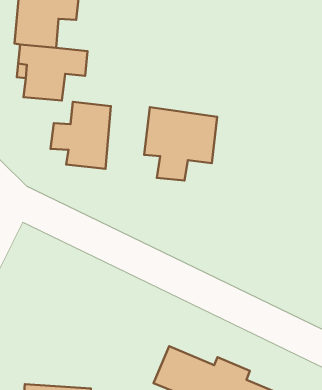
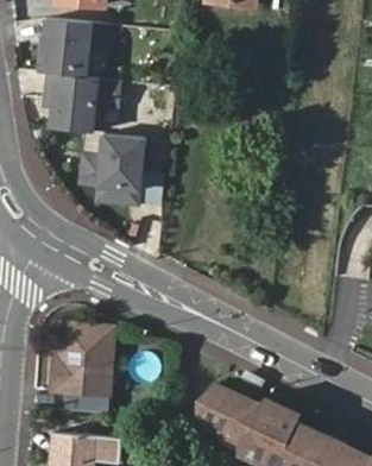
building: [144,107,217,180] -> none
building: none -> [52,323,118,411]

